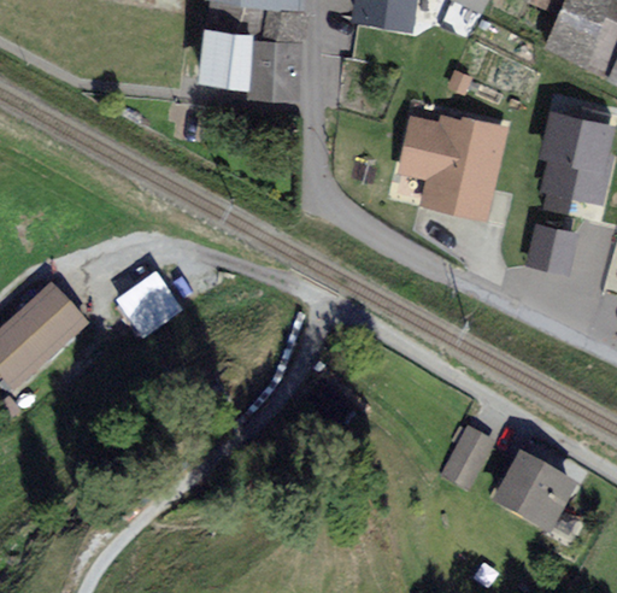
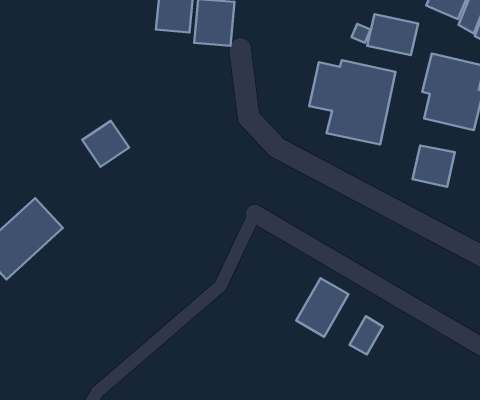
building: none -> [367,14,418,55]
building: [121,275,180,333] -> [82,121,129,167]
building: none -> [296,278,348,337]
building: [496,459,574,533] -> none

